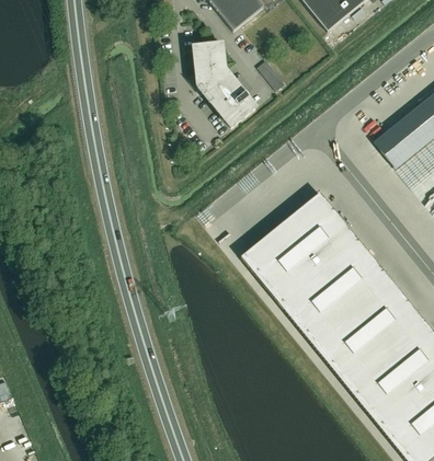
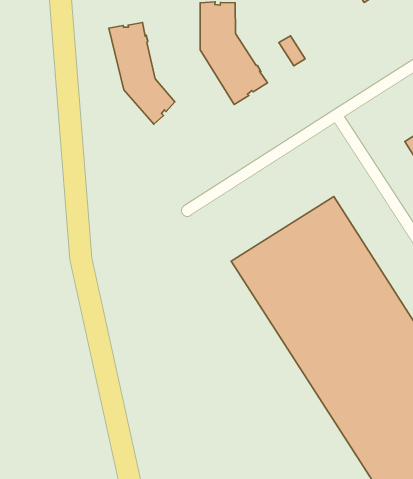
building: none -> [109,23,175,124]

